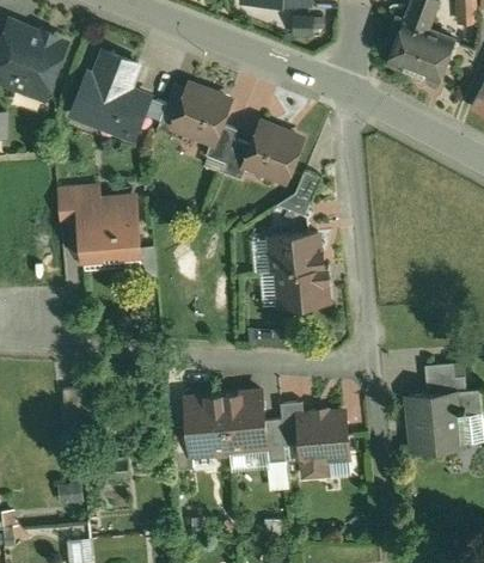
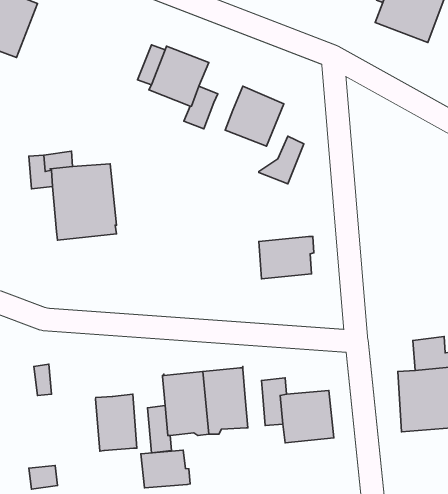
building: [73,53,148,137] -> none
building: [221,139,252,180] -> none
building: [270,232,325,271] -> none
building: none -> [95,394,137,451]
building: [264,420,286,464] -> none
building: none -> [141,450,190,488]

